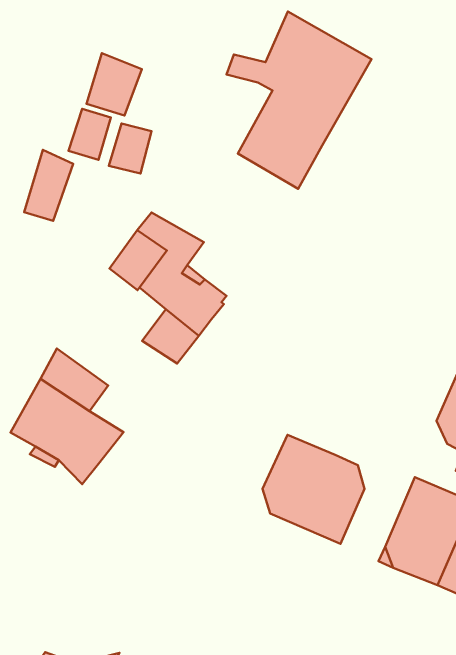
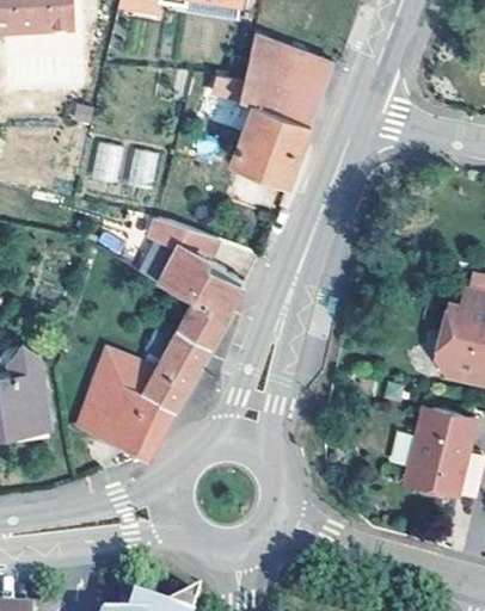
building: [87,53,142,115] -> none
building: [24,150,73,221] -> none
building: none -> [143,328,210,407]
building: [262,435,364,544] -> none

